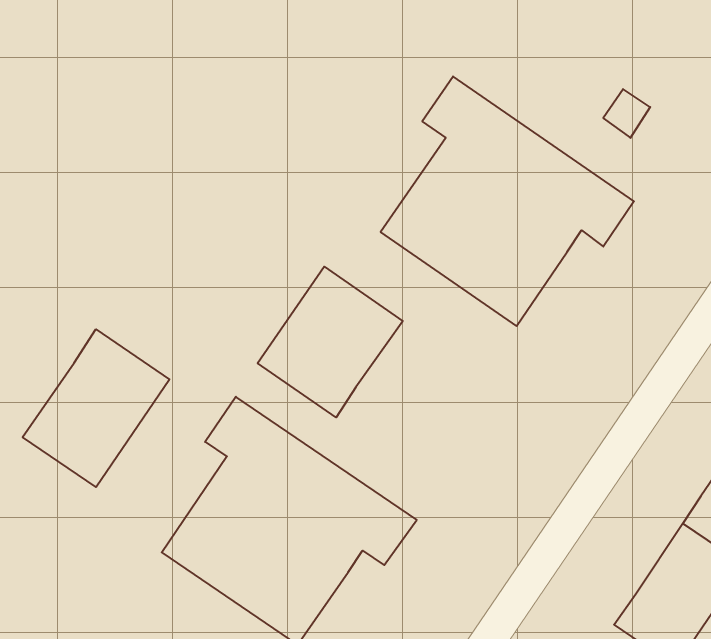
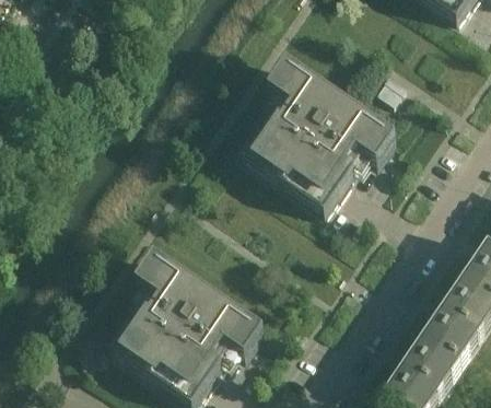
building: [258,267,403,417] -> none
building: [23,329,169,487] -> none

